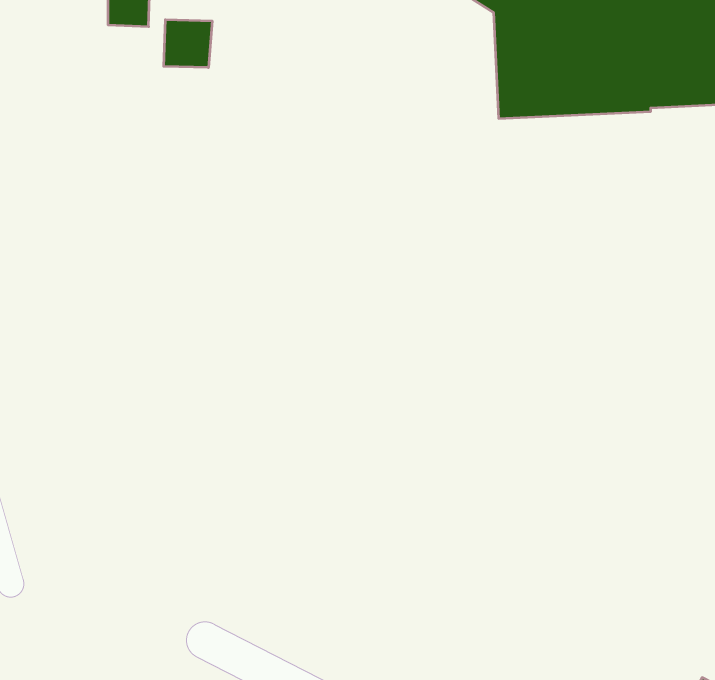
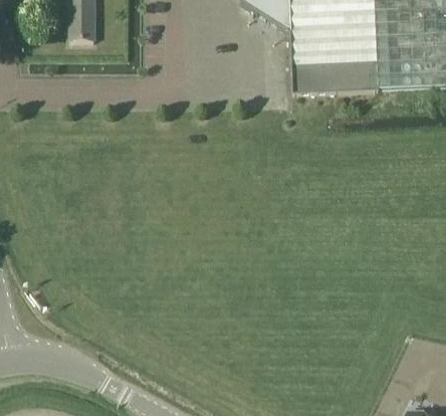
building: [164,20,212,68] -> none

